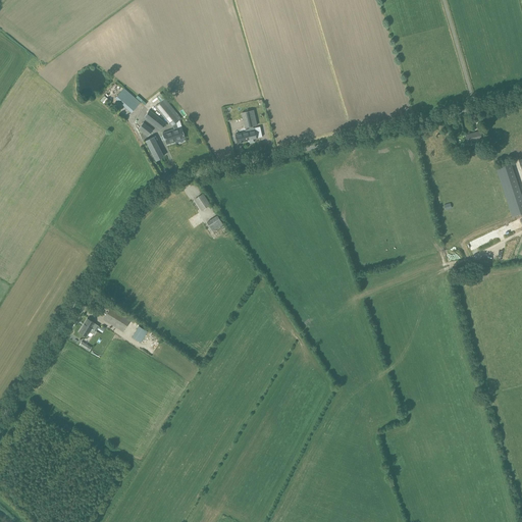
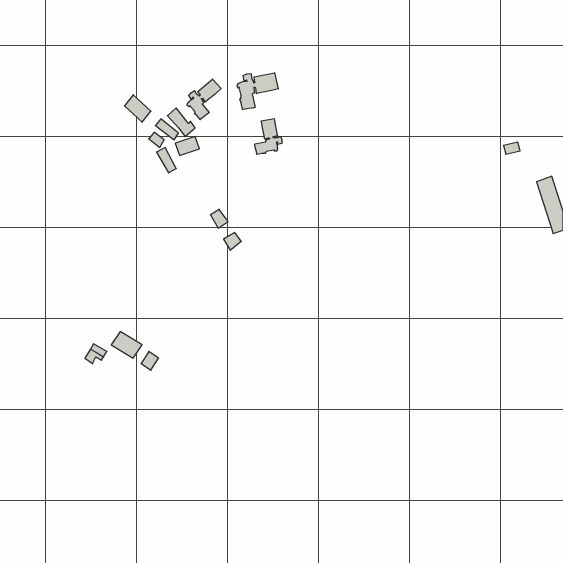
building: none -> [237,73,278,110]
building: none -> [187,79,221,120]

